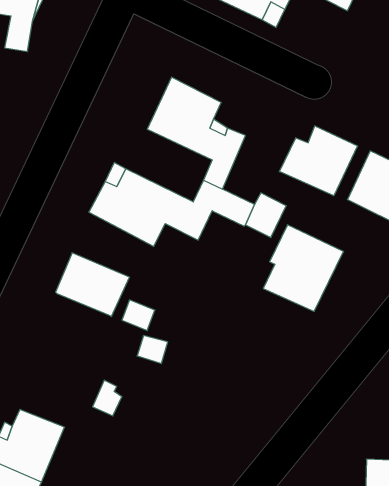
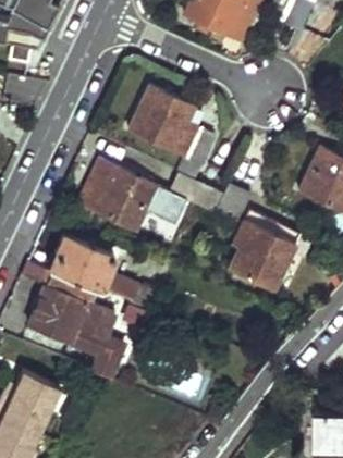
building: [279,126,357,196] -> none
building: none -> [30,271,120,342]

